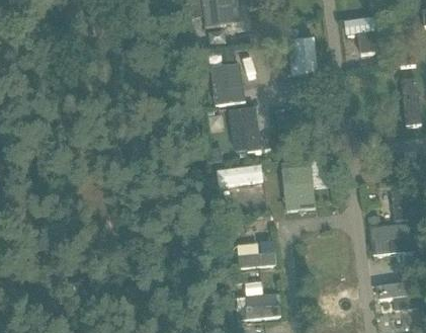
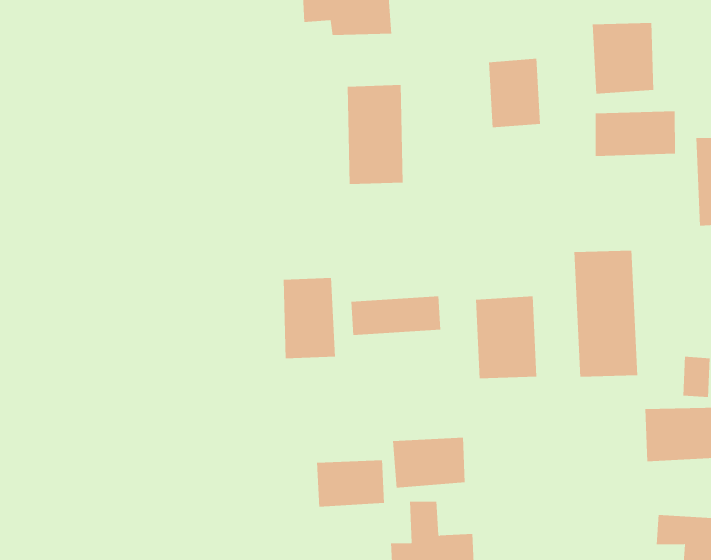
building: none -> [595,110,675,157]
building: [232,107,260,151] -> [283,278,336,359]
building: none -> [574,250,638,377]
building: none -> [317,459,385,508]

